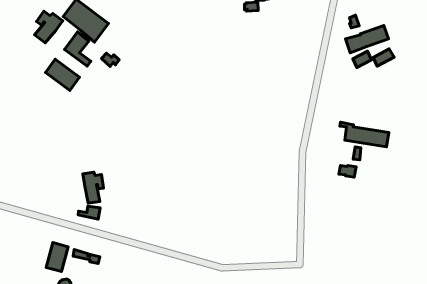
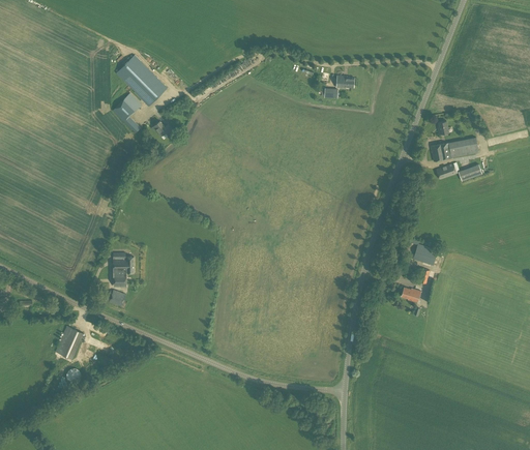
building: [34,11,63,43] -> none
building: [45,59,80,91] -> none

